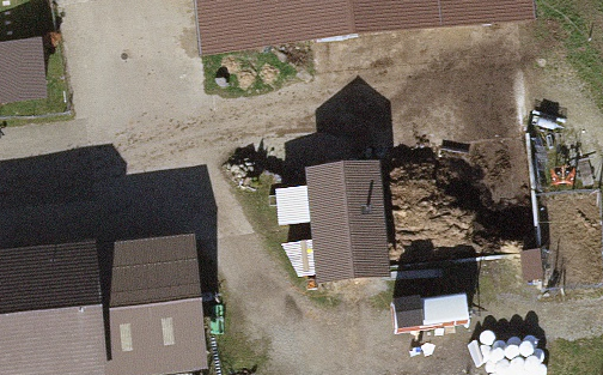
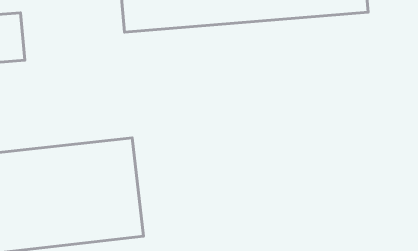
building: [307,149,384,262] -> none

